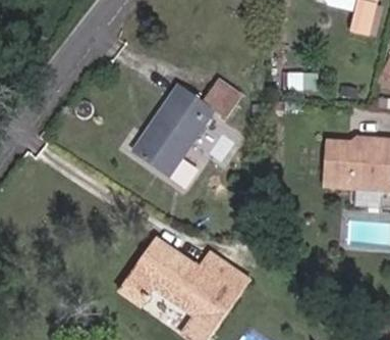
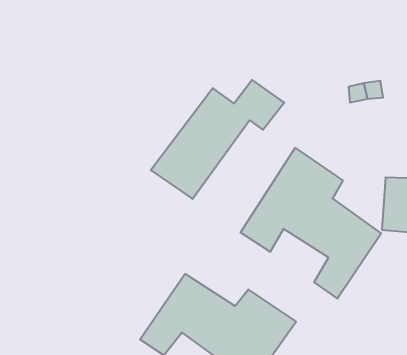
building: none -> [241,148,381,299]

